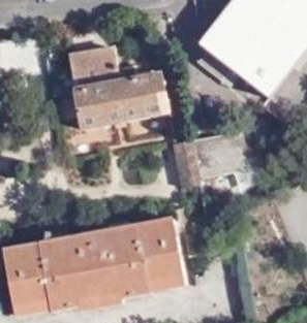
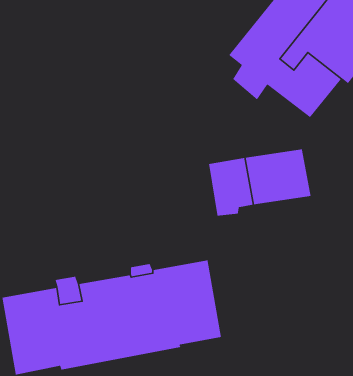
building: [67,45,171,129] -> none

